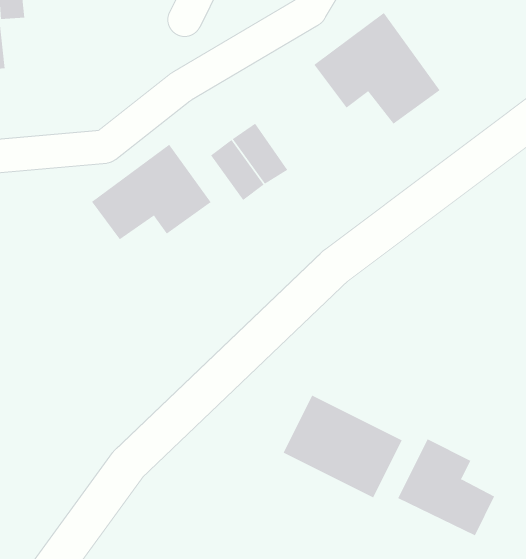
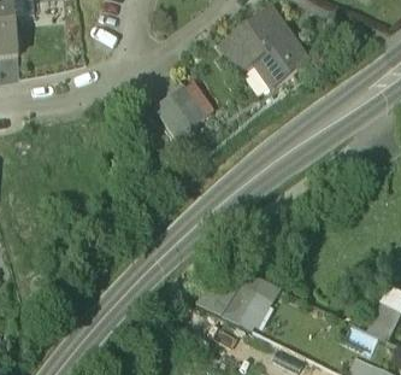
building: [91,144,211,240] -> none
building: [397,438,495,536] -> none

